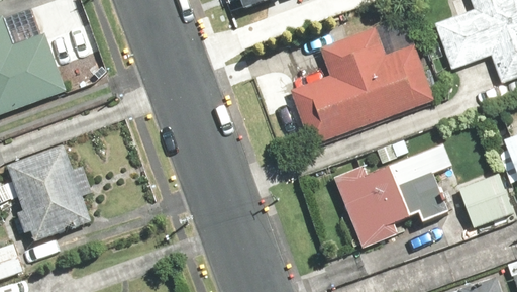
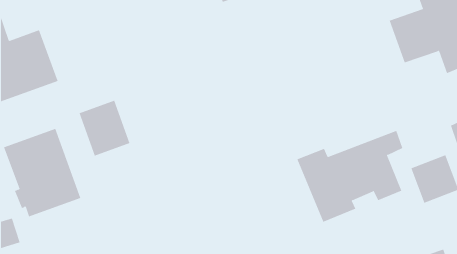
building: [289,28,434,145] -> none
building: none -> [79,100,130,156]

